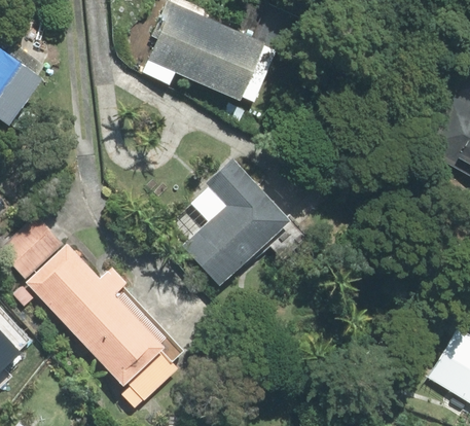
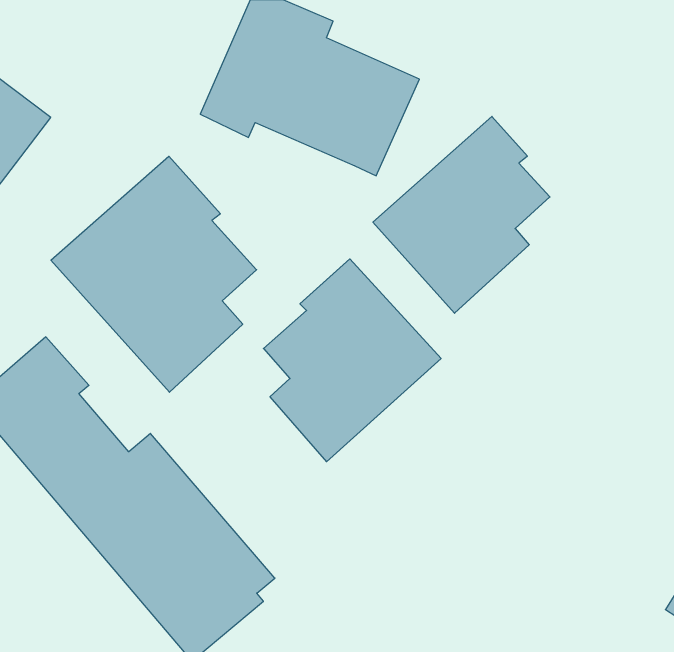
building: none -> [373,116,550,313]
building: none -> [51,156,257,392]

